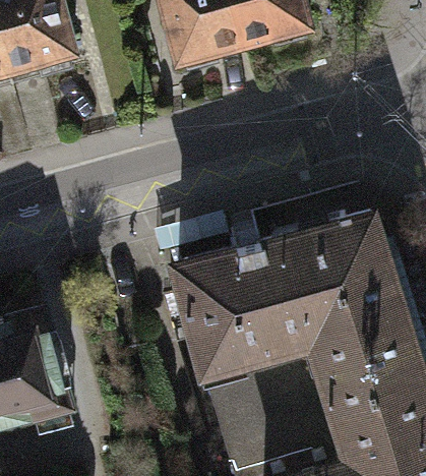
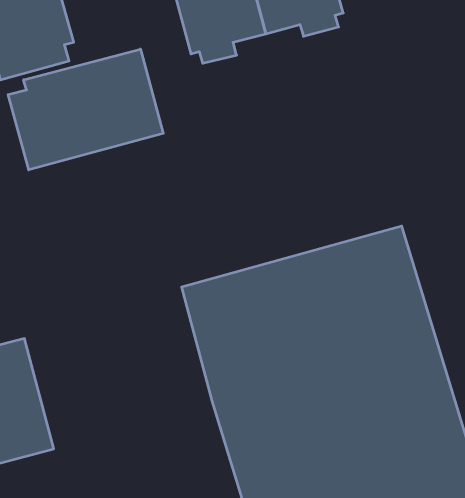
building: none -> [8,49,163,170]

